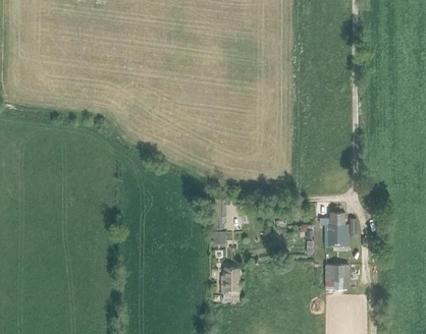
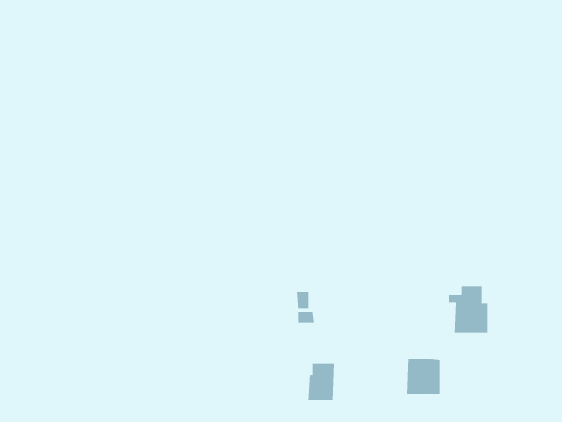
building: [325,264,350,289] -> [406,359,441,394]

